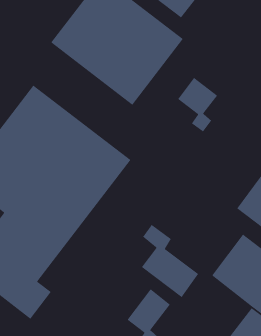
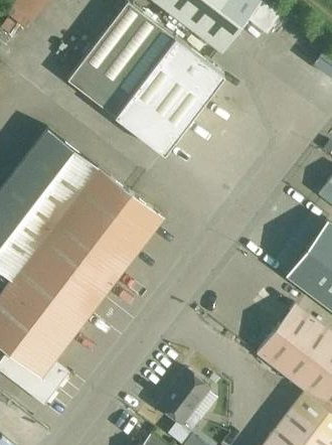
building: [177,77,218,132] -> none
building: [141,224,199,298] -> none

